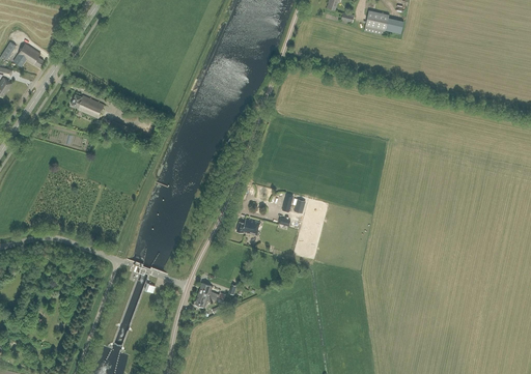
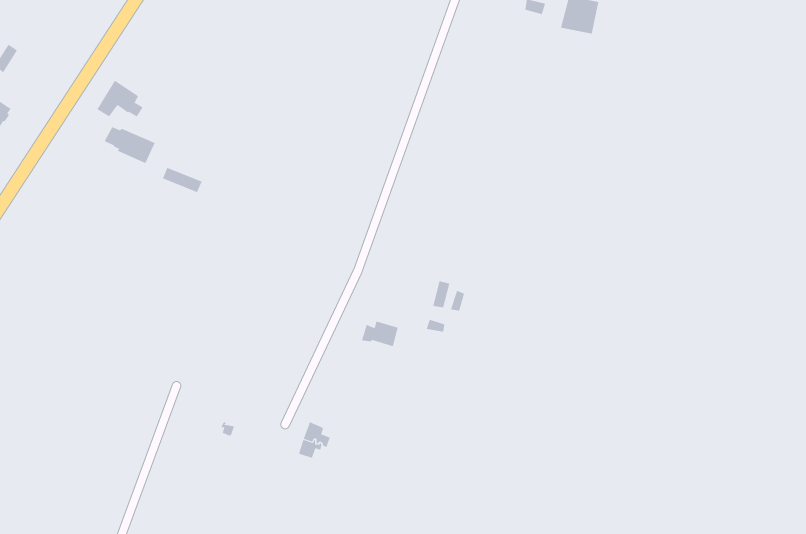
building: [13,42,44,66] -> [97,80,144,117]

